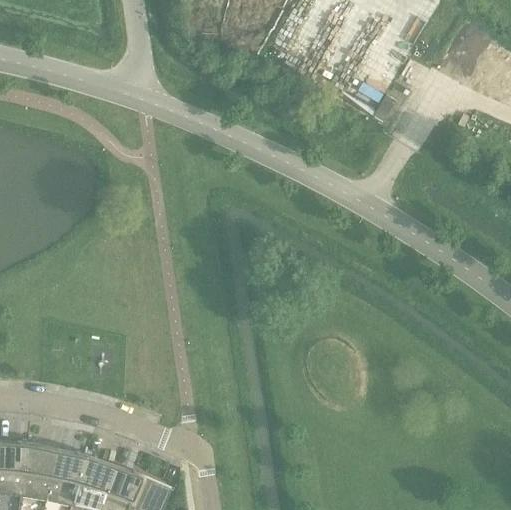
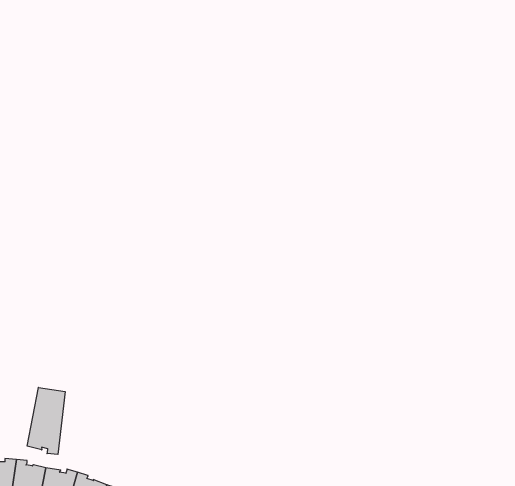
building: none -> [27,387,65,454]

